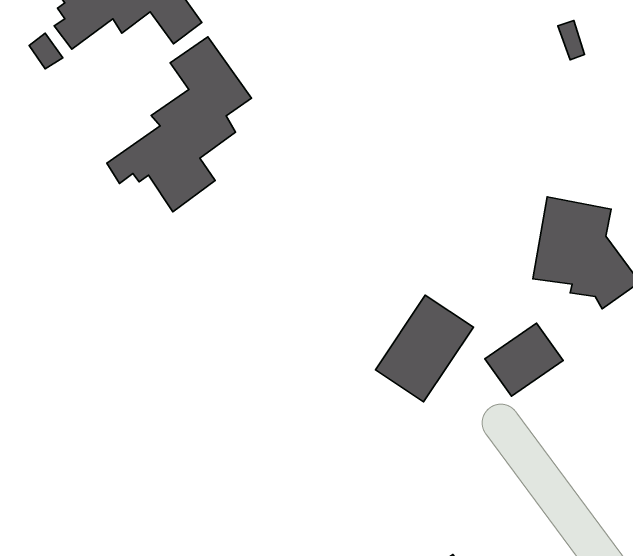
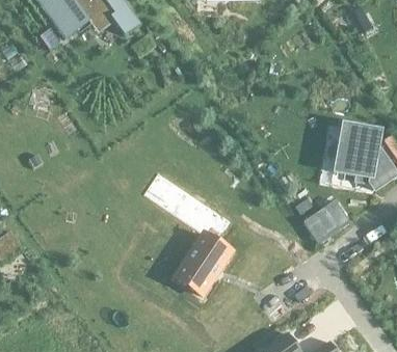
building: [107,37,252,212] -> none
building: [375,295,473,402] -> [174,234,231,296]

